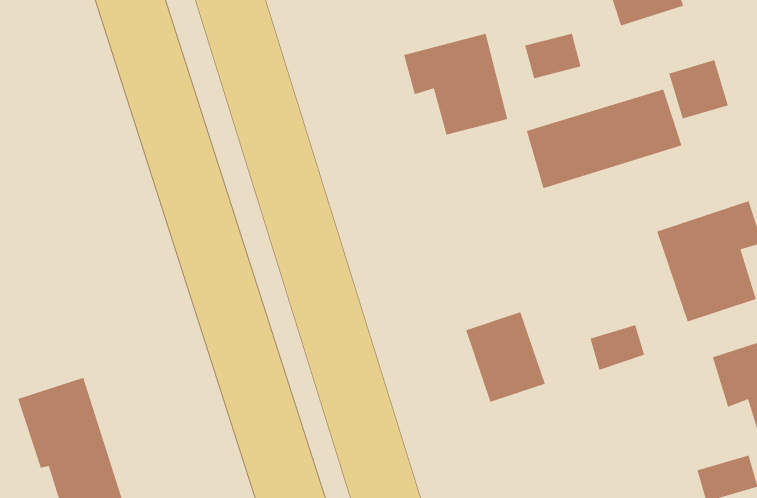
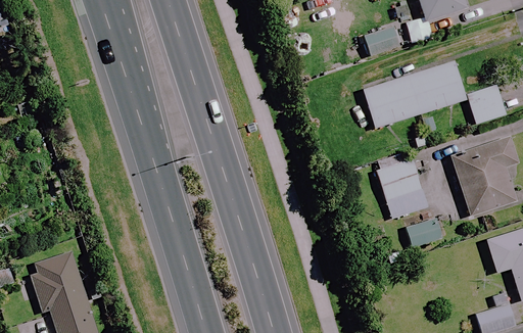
building: [403,33,508,136] -> none
building: [668,59,729,120] -> [466,85,506,125]
building: [465,311,546,403] -> [376,158,429,219]

